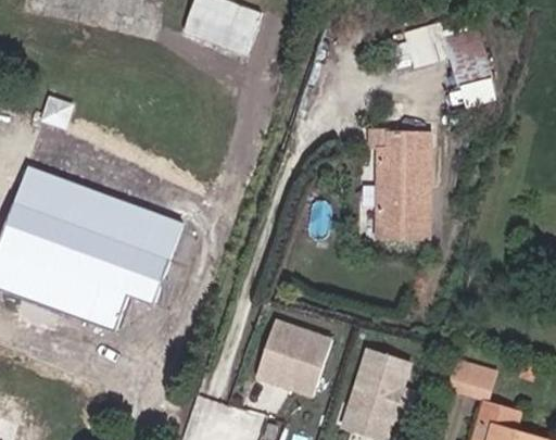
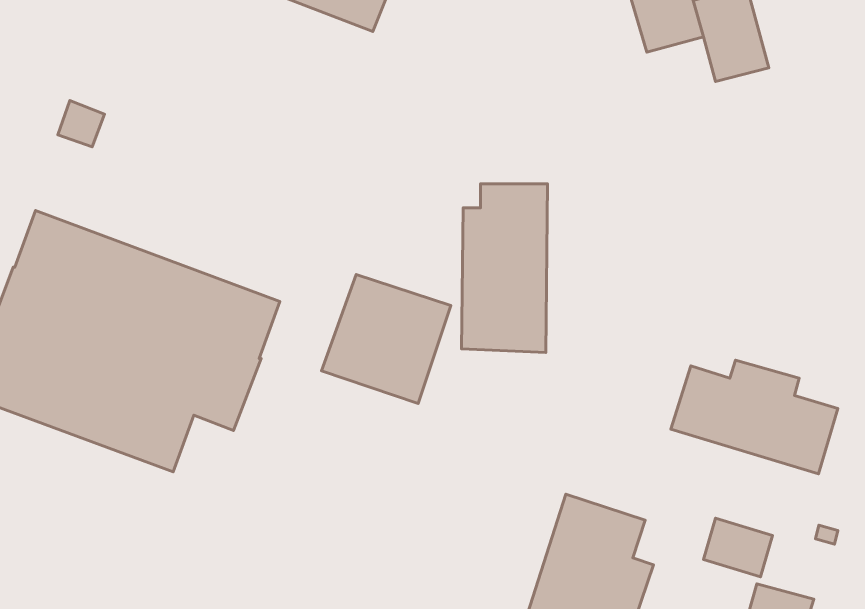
building: [376,131,430,238] -> [461,184,548,352]
building: none -> [671,360,838,474]
building: [252,317,333,399] -> [322,275,451,404]

